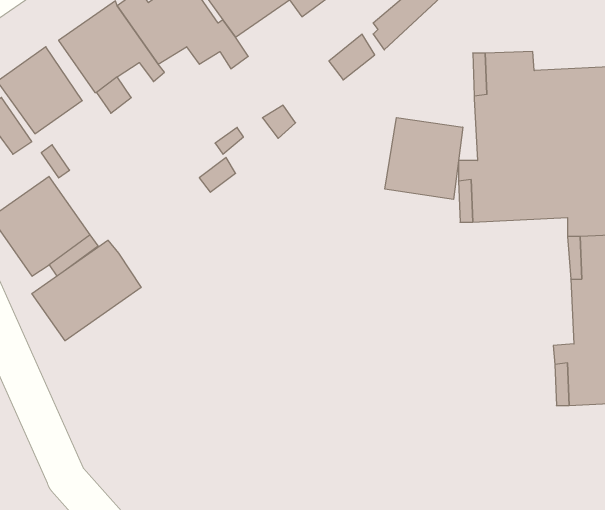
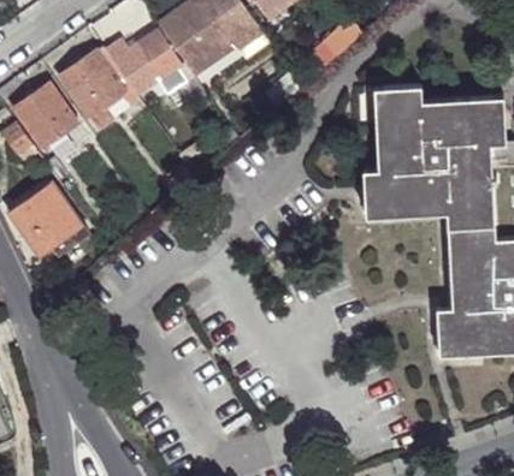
building: [385,118,463,199] -> none
building: [32,240,141,341] -> none

